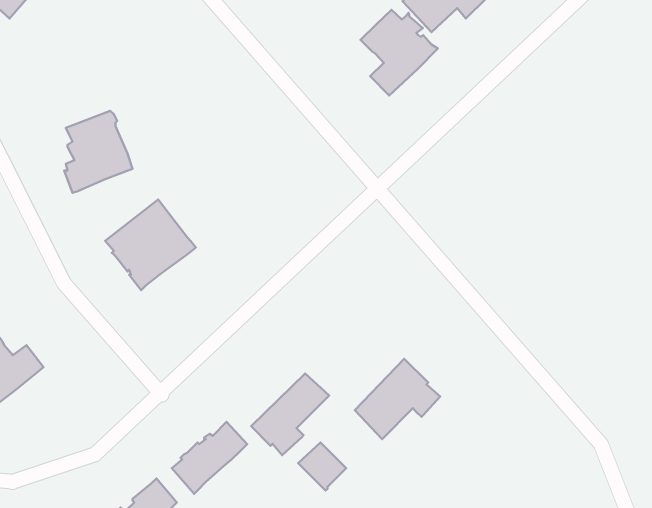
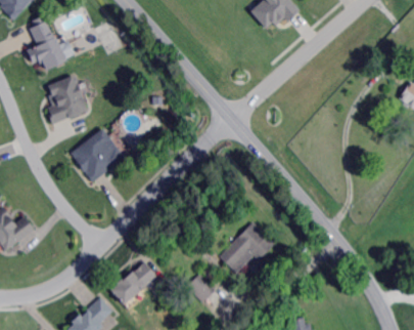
building: none -> [27,15,65,71]
building: [360,10,438,95] -> none
building: [251,373,329,455] -> none

